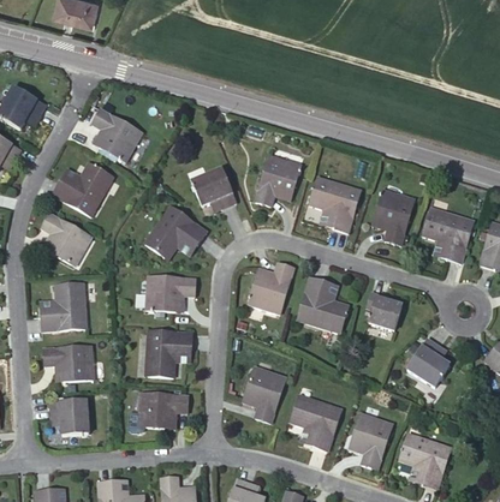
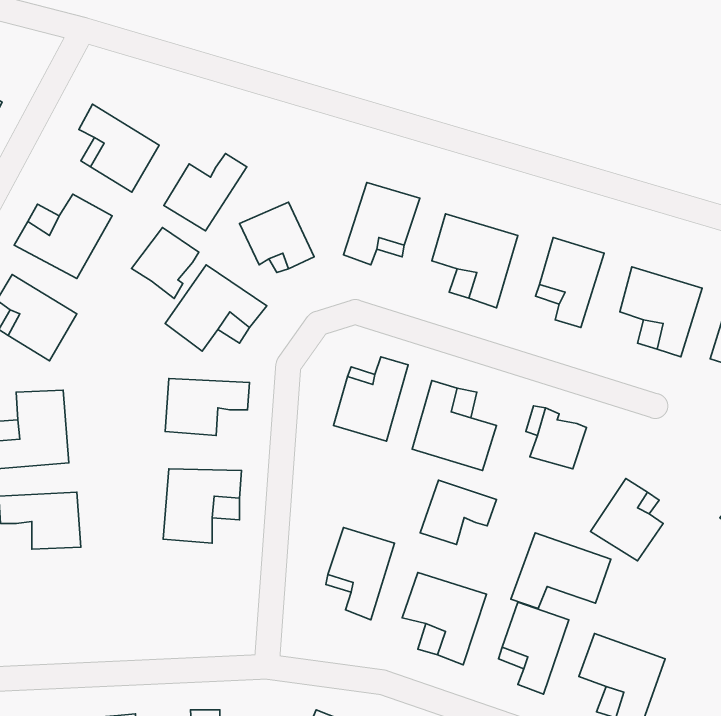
building: none -> [164,153,247,231]
building: none -> [131,227,199,298]
building: none -> [420,480,496,544]
building: none -> [511,533,611,609]
building: [138,393,189,426] -> none
building: [49,400,90,435] -> none

